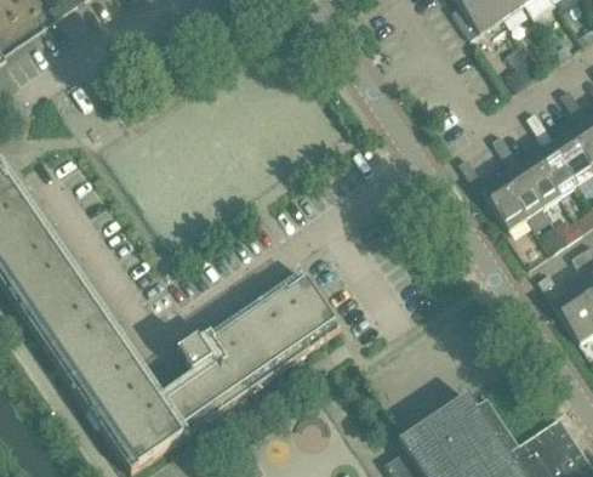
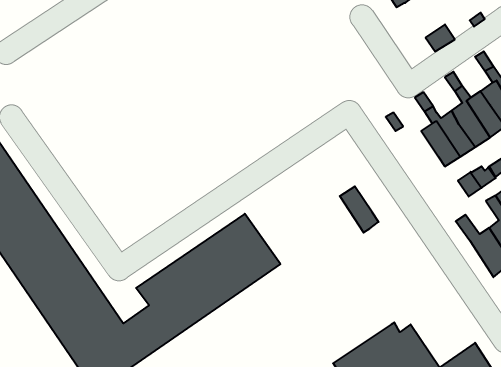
building: [483,178,526,231] -> [340,186,379,233]

